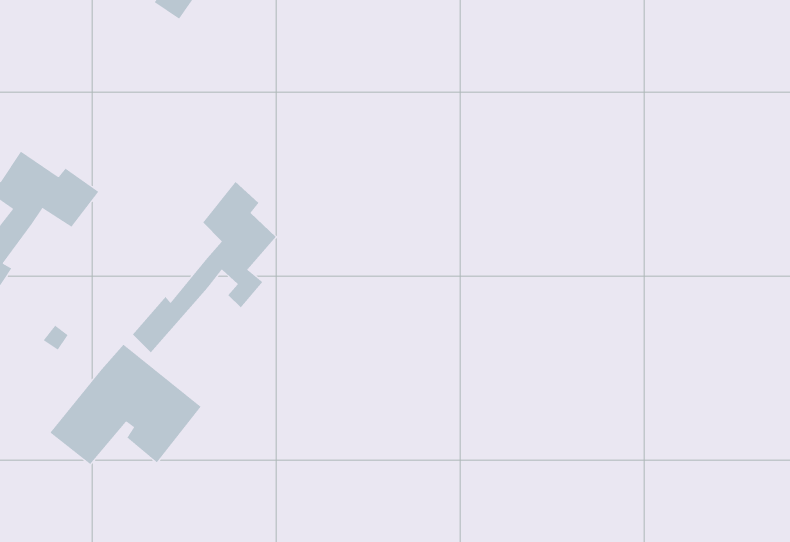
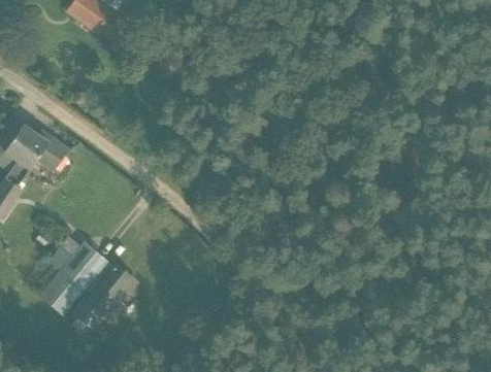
building: [132,181,277,353] -> none

